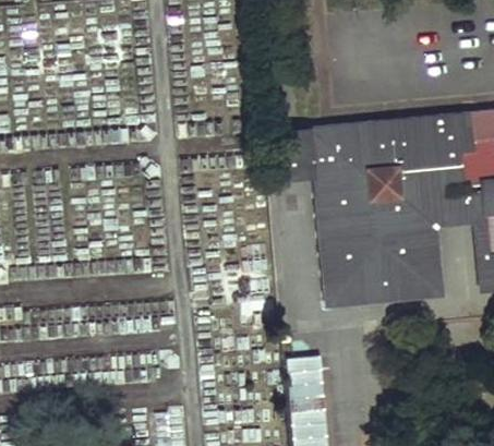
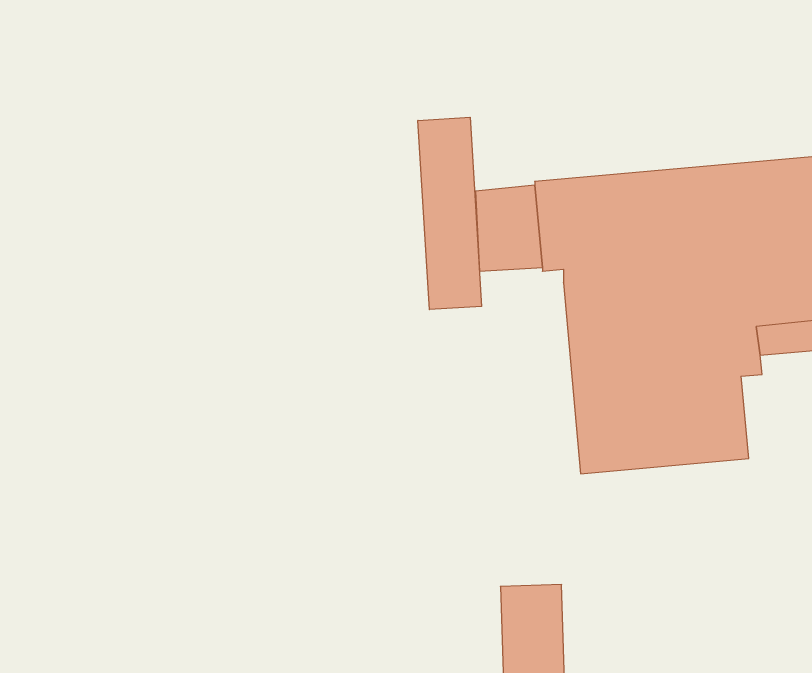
building: none -> [418,117,482,310]
building: [314,177,445,305] -> none

